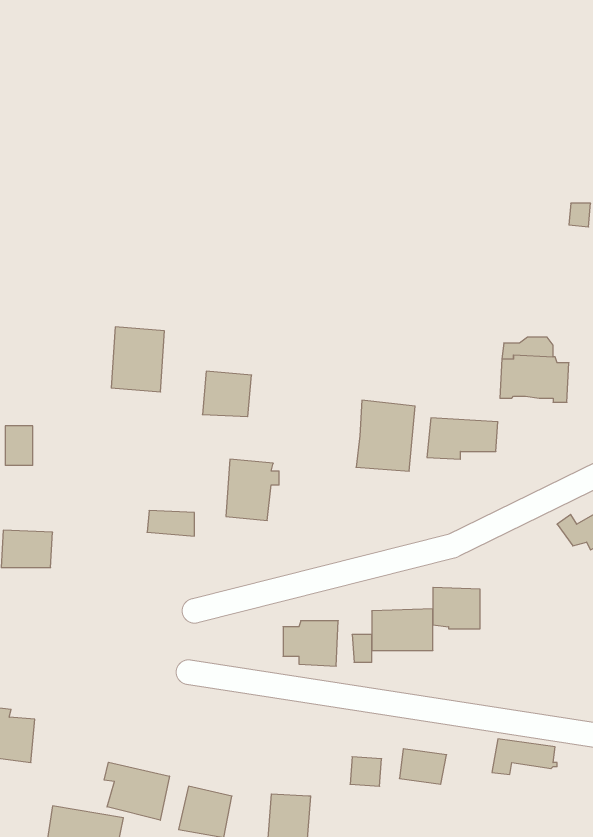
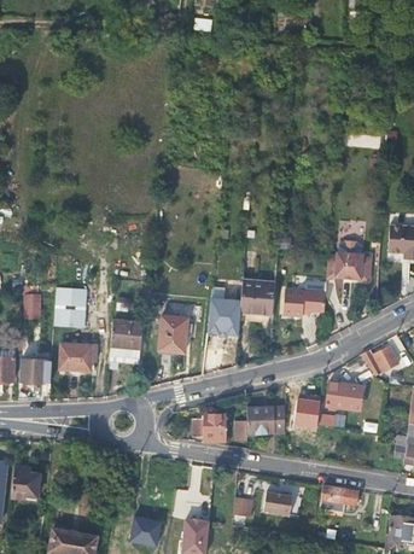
building: [111,327,164,392] -> [54,284,87,323]
building: [202,371,252,417] -> [111,320,141,348]
building: none -> [205,298,240,336]
building: none -> [60,343,98,369]
building: none -> [326,379,361,409]
building: [104,762,169,820] -> none

